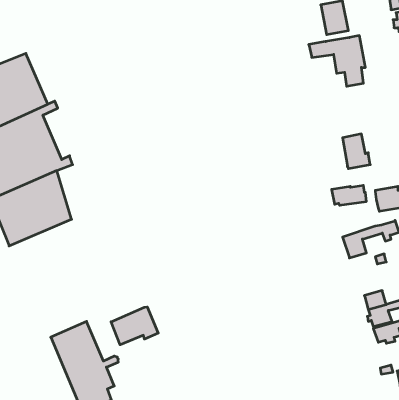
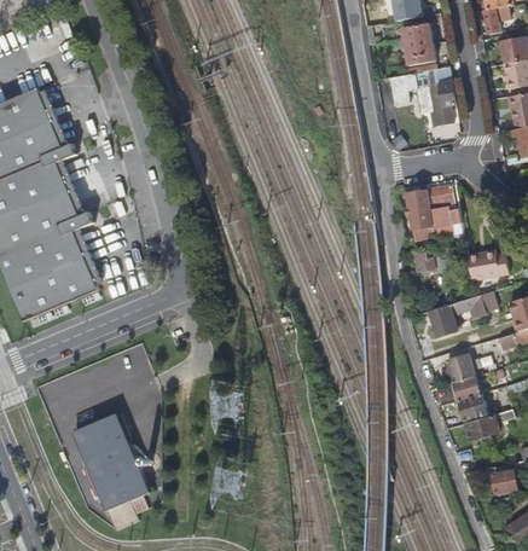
building: none -> [405,190,433,228]
building: none -> [442,353,481,382]
building: [111,307,158,345] -> none

